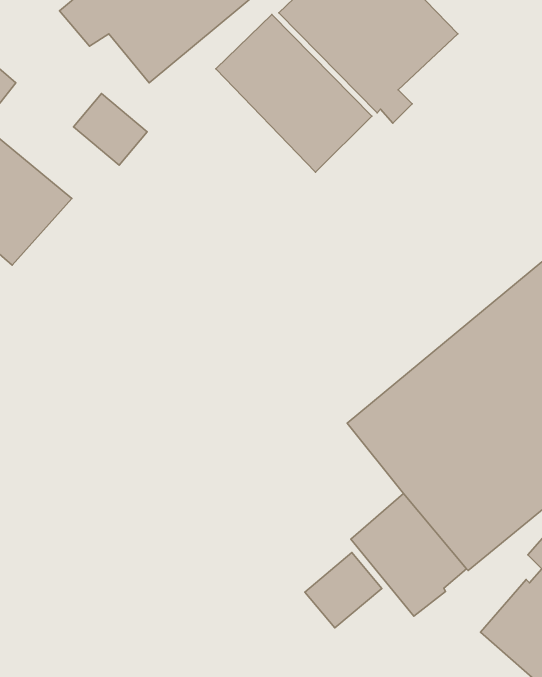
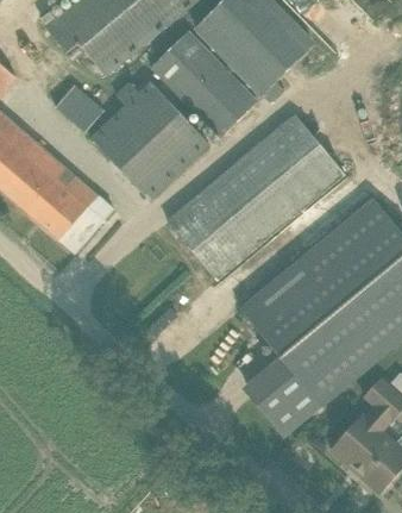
building: none -> [88,80,208,200]
building: none -> [168,114,343,279]
building: none -> [12,155,113,254]
building: [305,553,382,628] -> none

